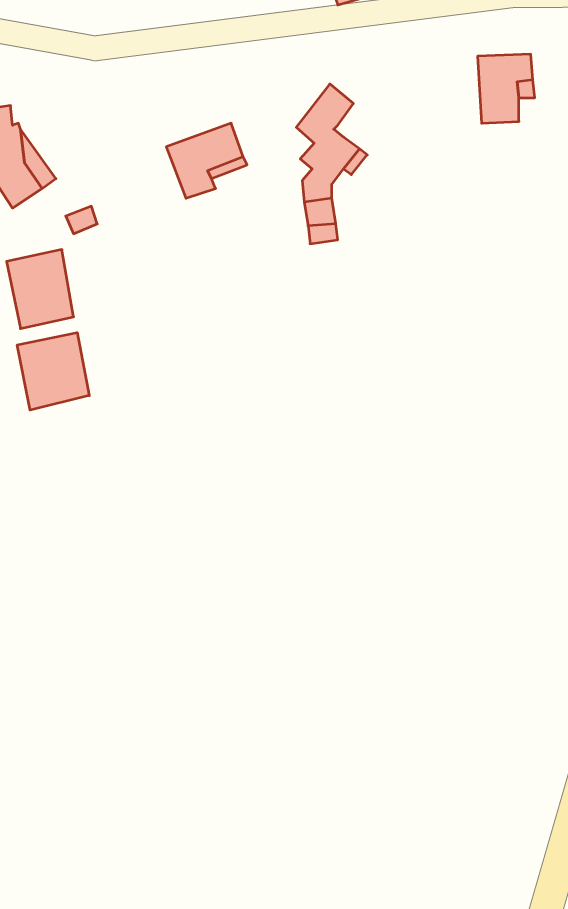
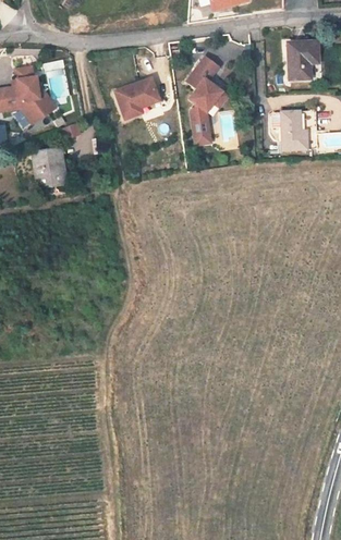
building: none -> [278,108,315,148]
building: [17,333,89,410] -> none

